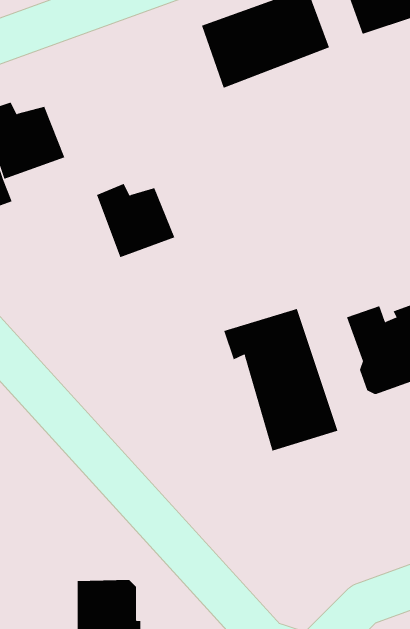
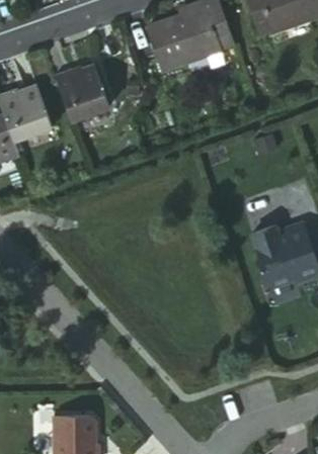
building: [96,183,175,258] -> [55,61,109,112]
building: [224,308,338,452] -> none

